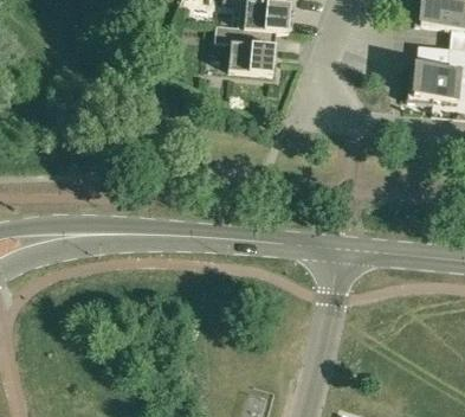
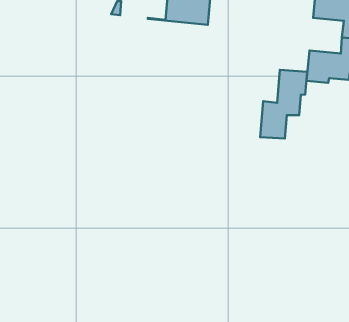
building: [215,25,289,73] -> none
building: none -> [260,70,307,139]

